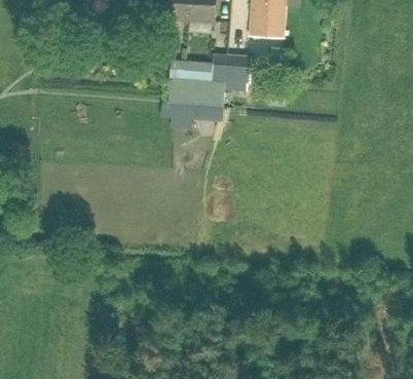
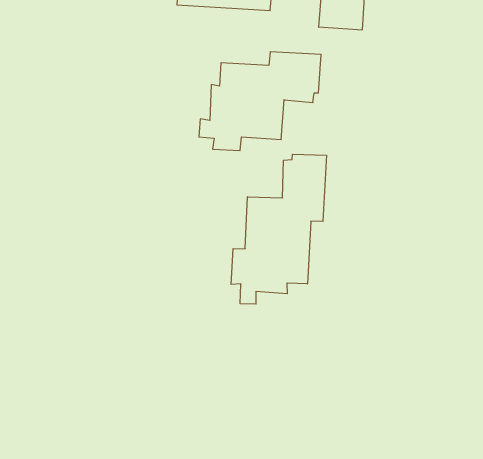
building: none -> [231,154,326,304]

